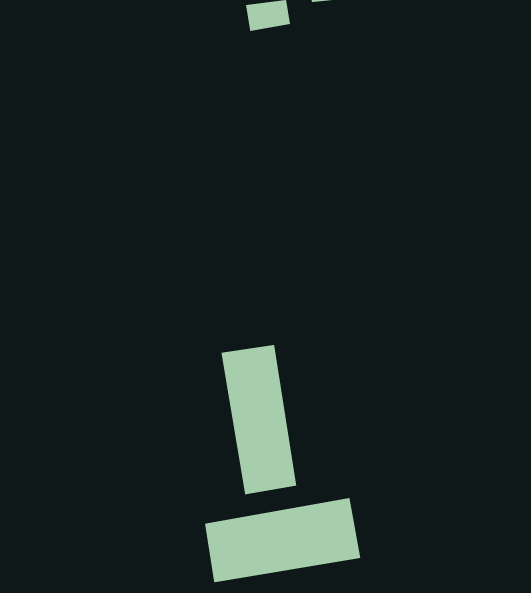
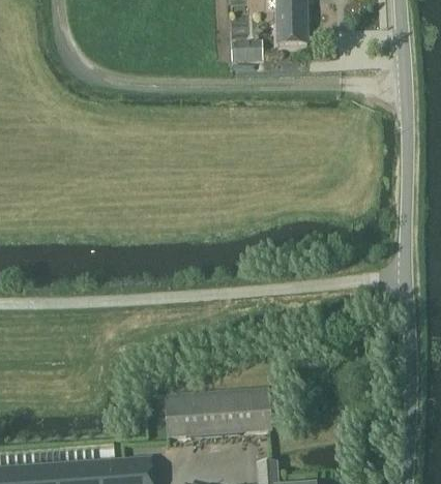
building: [221,344,297,495] -> none

